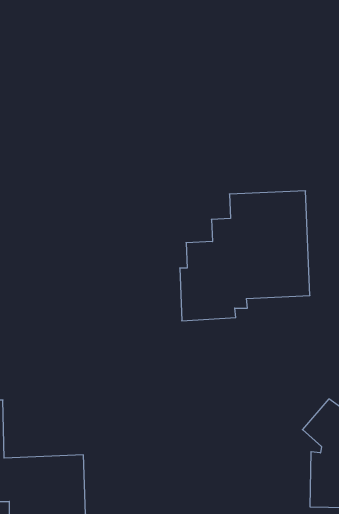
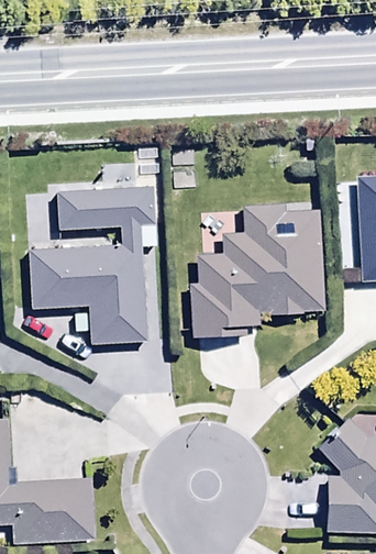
building: none -> [30,188,156,342]

